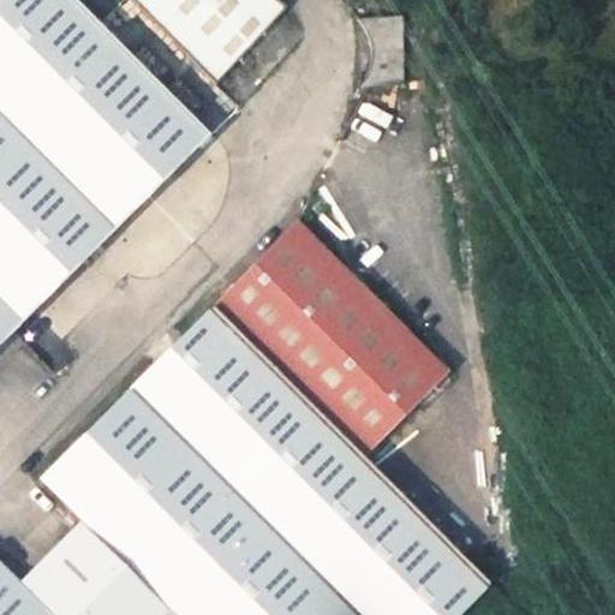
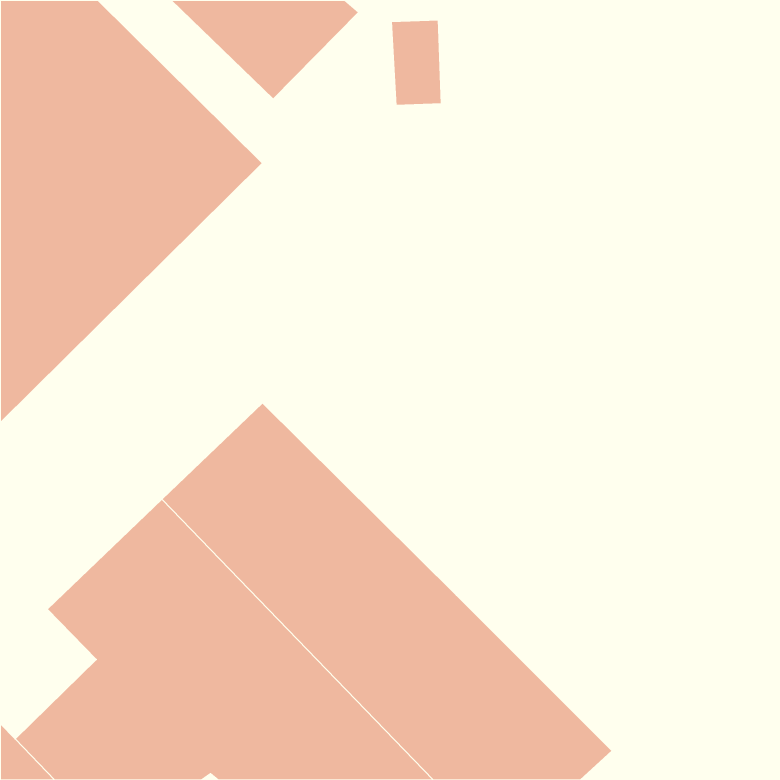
building: [366,16,406,83] -> [391,20,442,105]
building: [207,225,452,468] -> none

